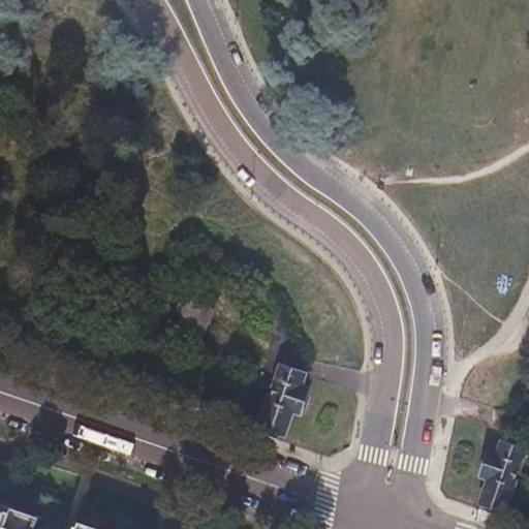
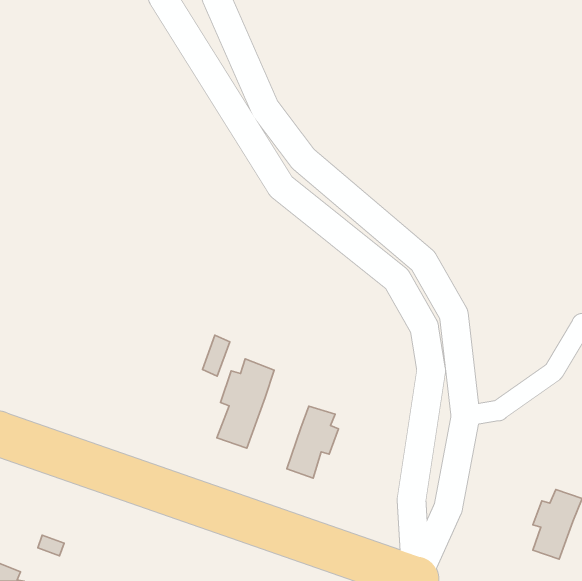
building: none -> [217,359,274,448]

